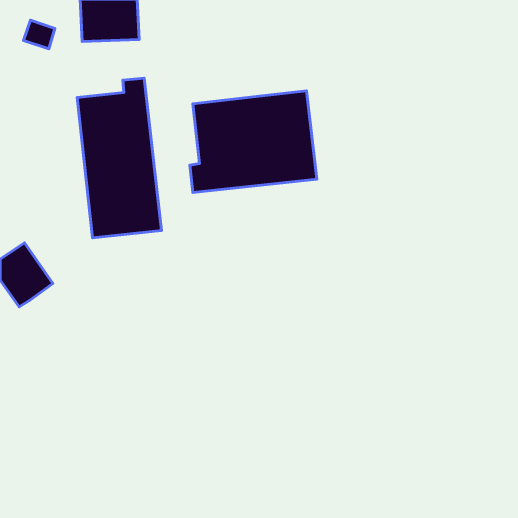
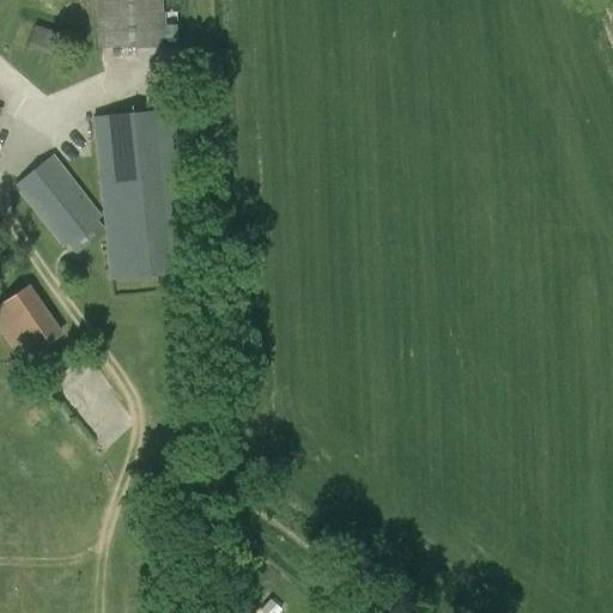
building: [190,91,317,192] -> none
building: none -> [14,154,103,248]

